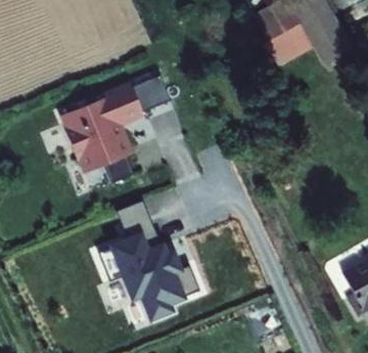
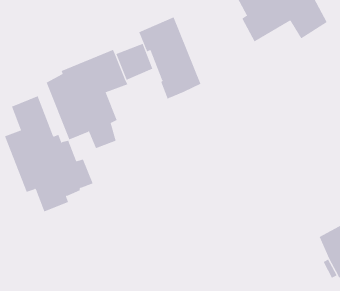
building: none -> [139,17,201,100]
building: [107,198,199,319] -> [4,95,94,212]

